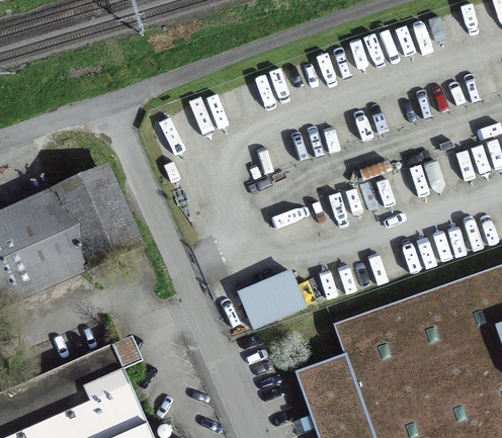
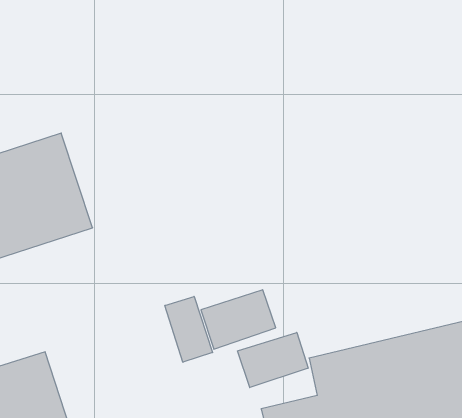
building: none -> [165,296,213,362]
building: none -> [238,332,308,388]

